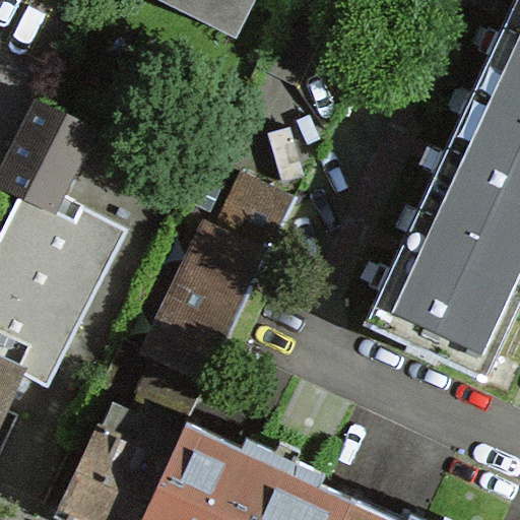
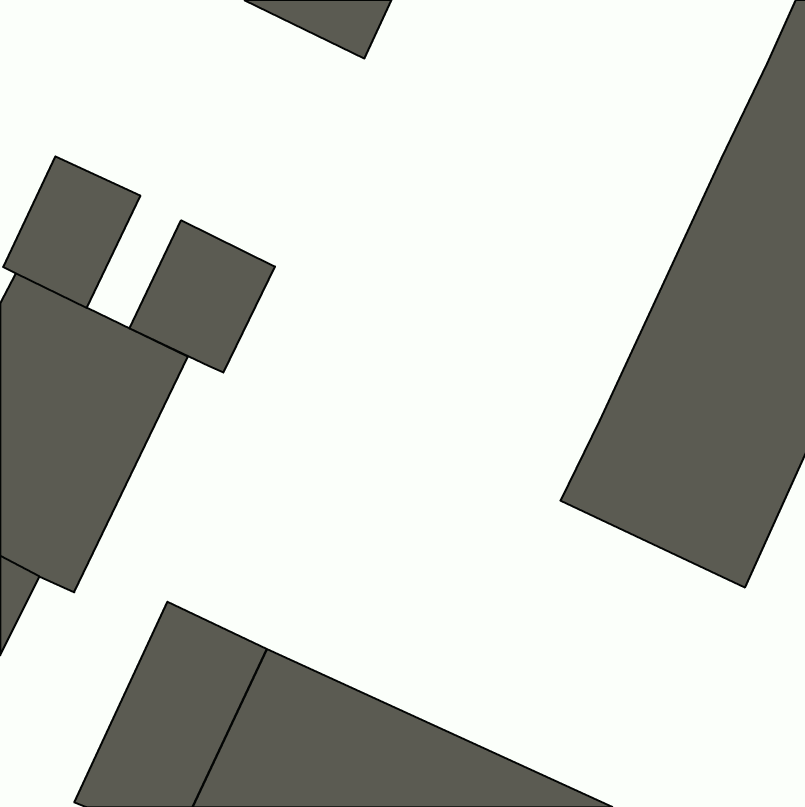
building: none -> [129,220,275,373]
building: [142,171,294,385] -> none

